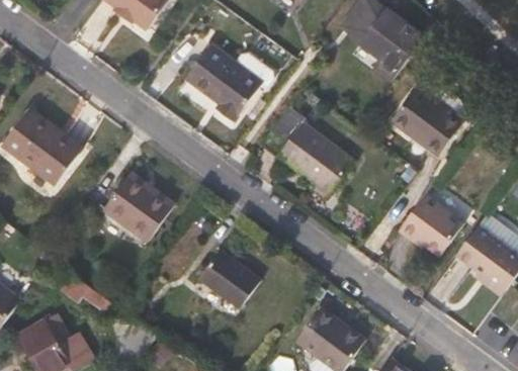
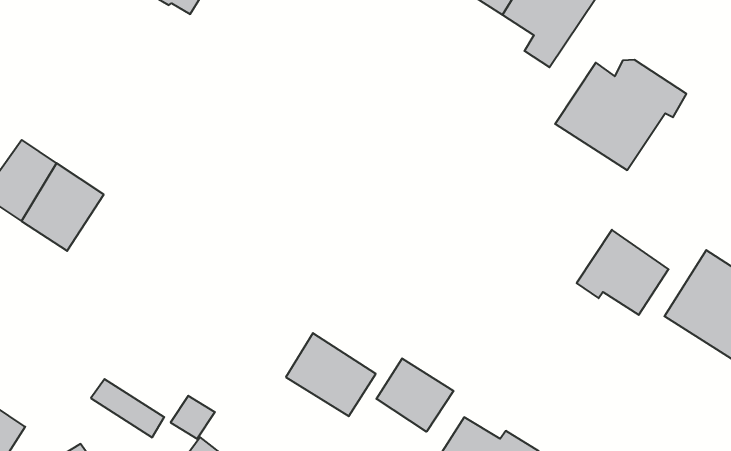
building: [183,42,262,121] -> none
building: [259,108,354,199] -> none
building: [100,176,171,242] -> none
building: none -> [376,358,453,432]

